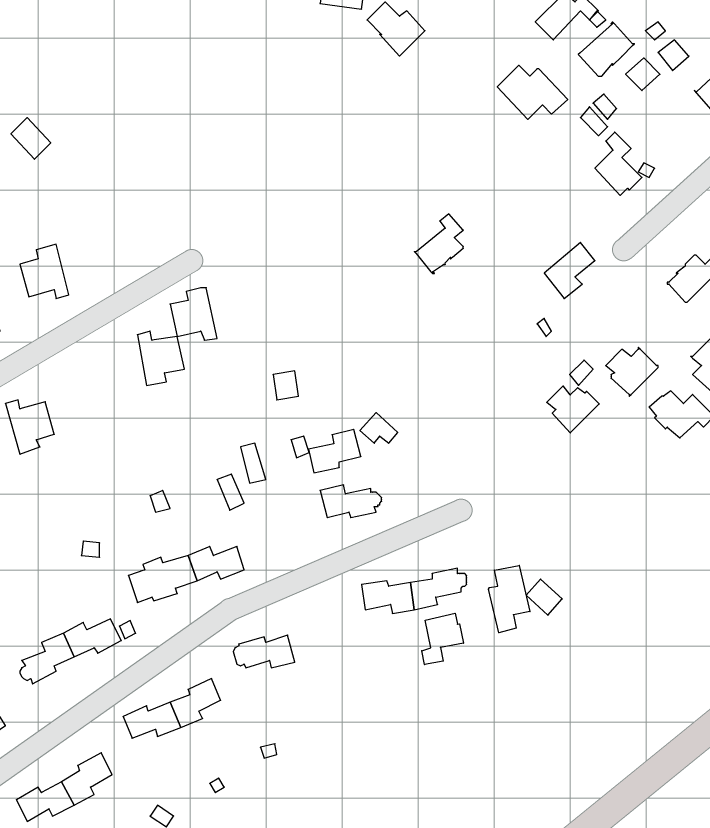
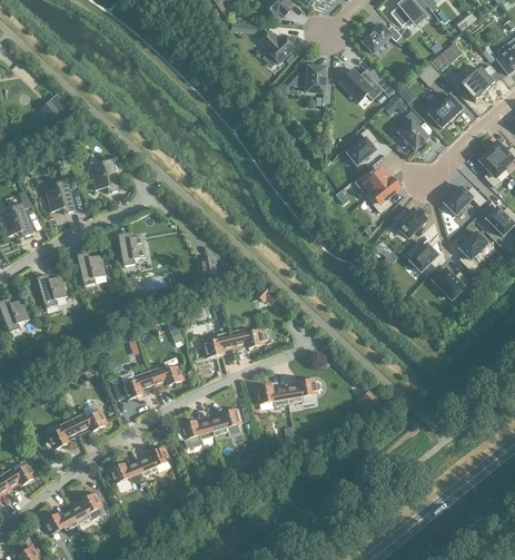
building: [578,22,634,76] -> [427,94,462,127]
building: none -> [288,66,325,91]
building: [414,214,463,274] -> [345,128,375,165]
building: none -> [354,167,389,196]
building: [170,288,217,340] -> [90,158,119,190]
building: none -> [76,252,106,285]
building: [547,386,599,433] -> [393,207,425,236]
building: [309,429,361,473] -> [201,330,234,356]
building: [489,565,530,633] -> none
building: [422,613,463,665] -> none
building: none -> [209,407,240,435]

